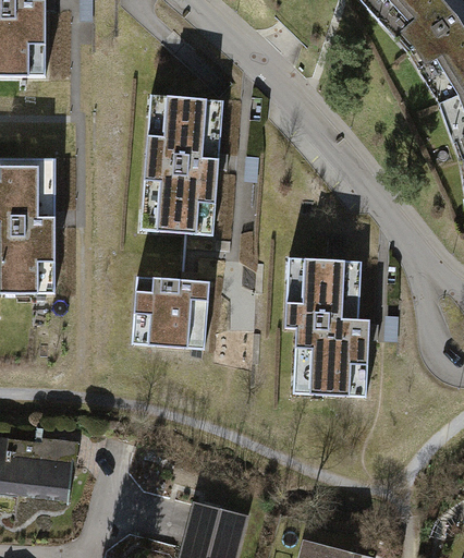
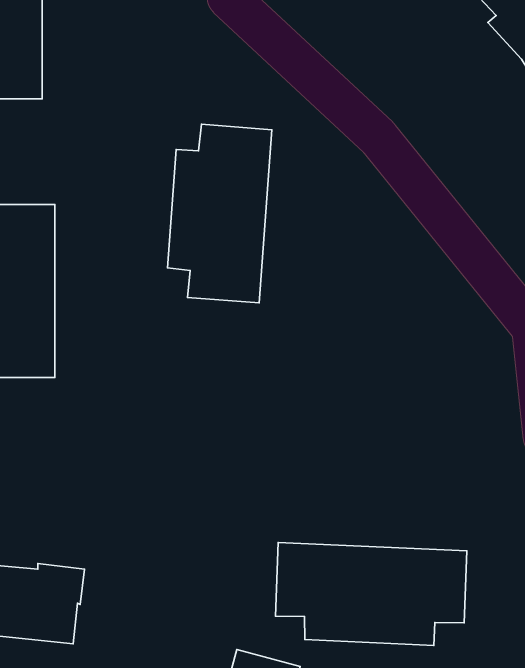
building: [284,259,369,397] -> none
building: [131,277,209,349] -> none
building: none -> [275,542,467,646]

